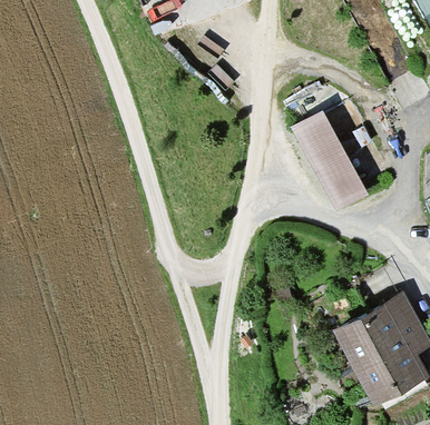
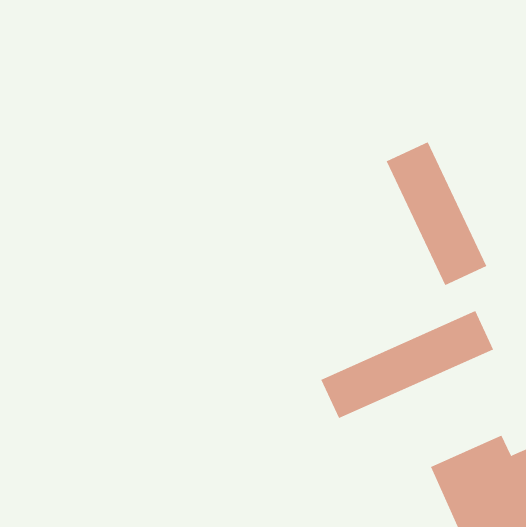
building: none -> [320,310,494,419]

